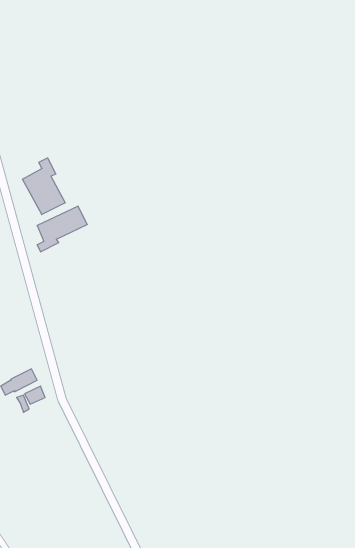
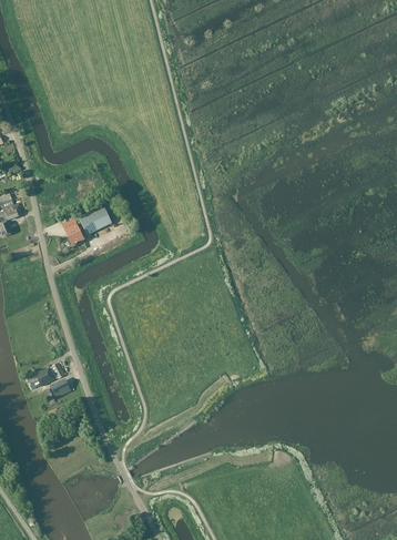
building: [23,158,65,215] -> none

